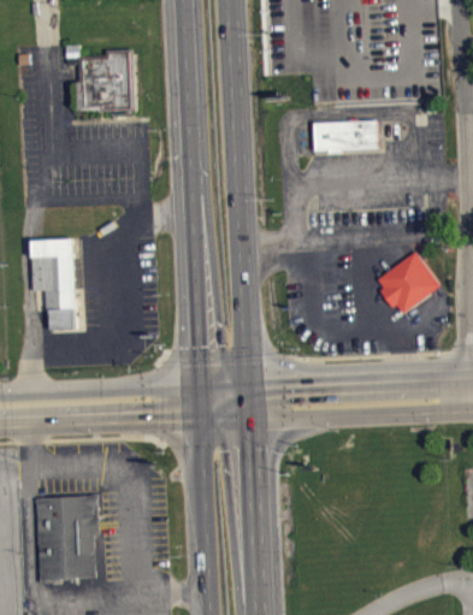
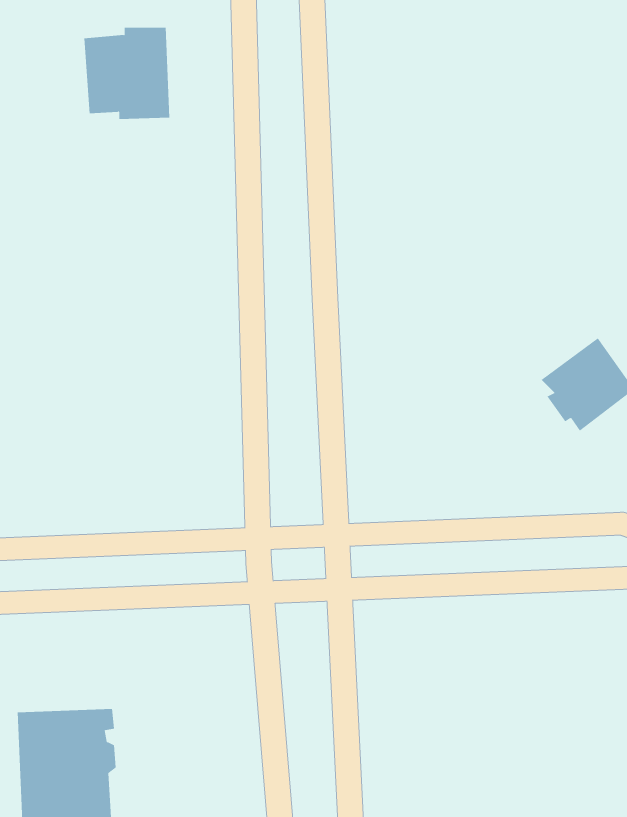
building: [312,120,379,150] -> none
building: [30,237,83,332] -> none

